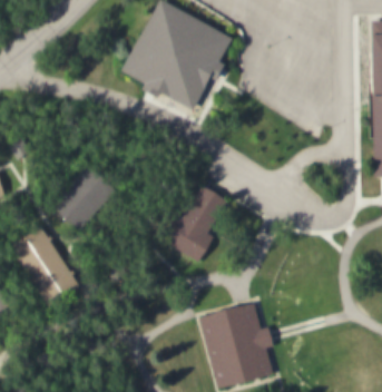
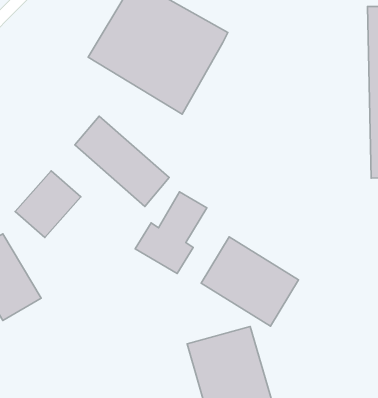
building: none -> [75,116,169,206]
building: none -> [201,237,298,326]

